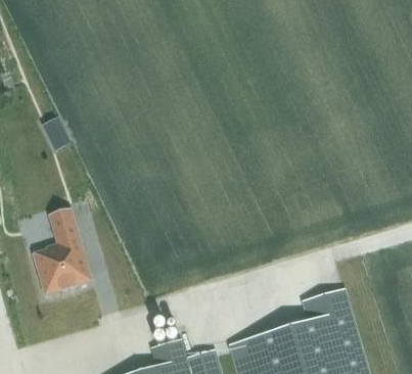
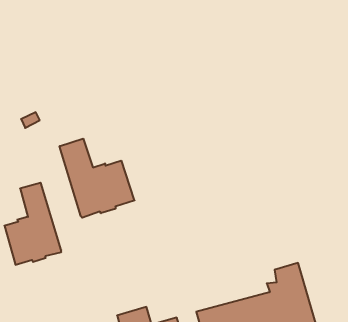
building: none -> [60,139,135,218]

